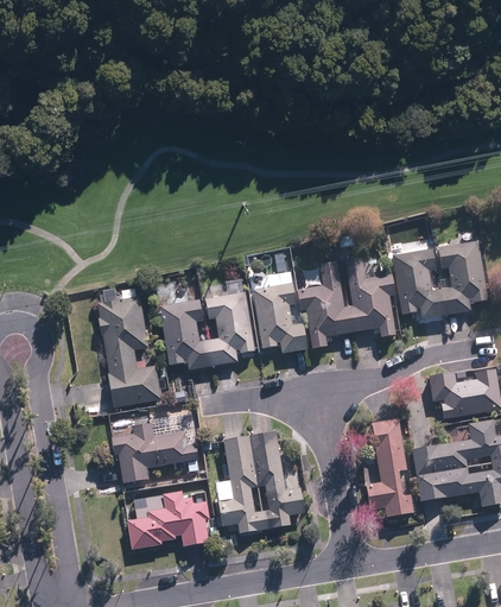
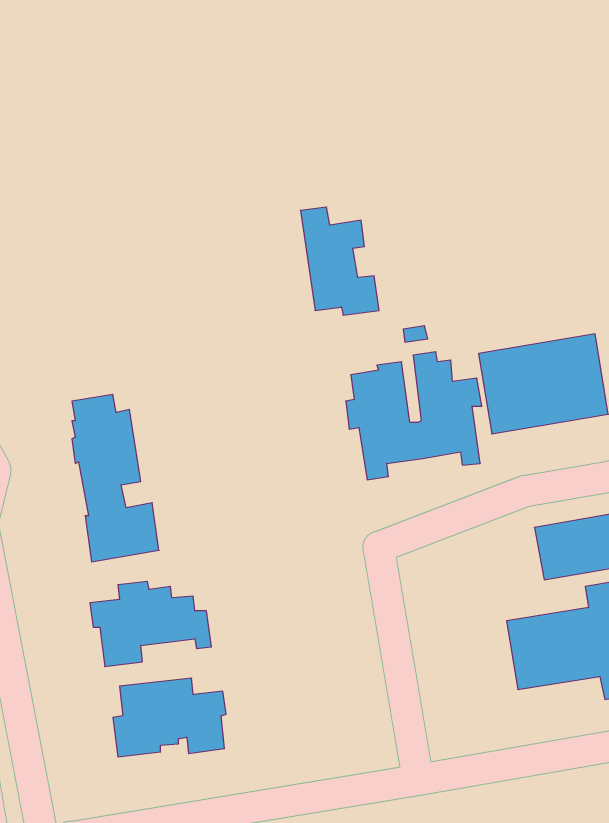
building: [250,274,307,353] -> [300,207,379,315]
building: [158,278,255,368] -> none
building: [366,419,413,516] -> none
building: [215,431,305,533] -> none

